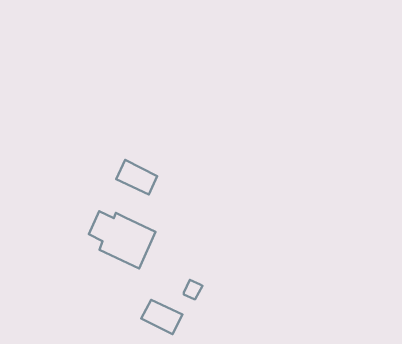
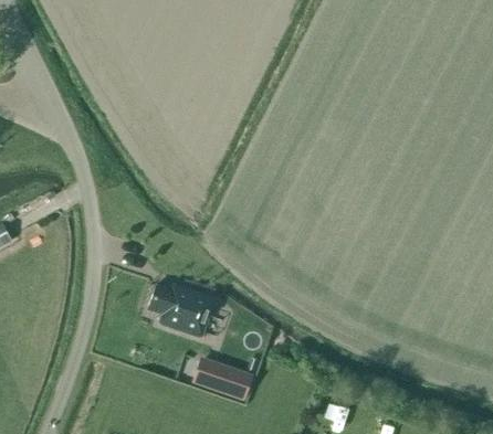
building: [116,160,157,195] -> none

